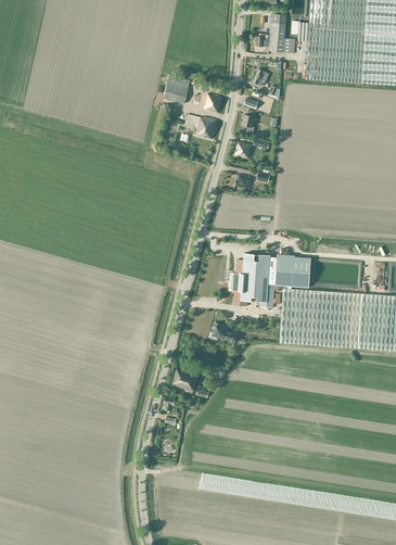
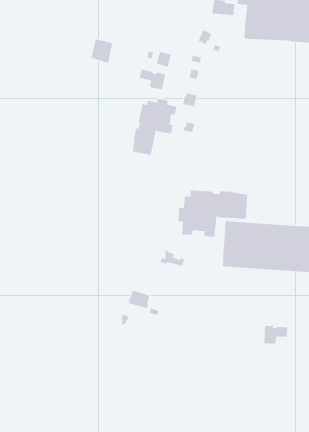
building: [164,75,190,104] -> [91,38,113,64]
building: none -> [132,98,177,156]
building: none -> [263,325,288,344]

